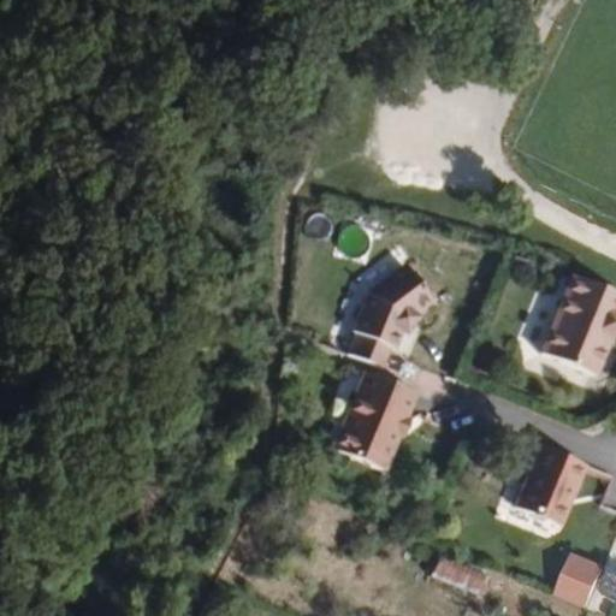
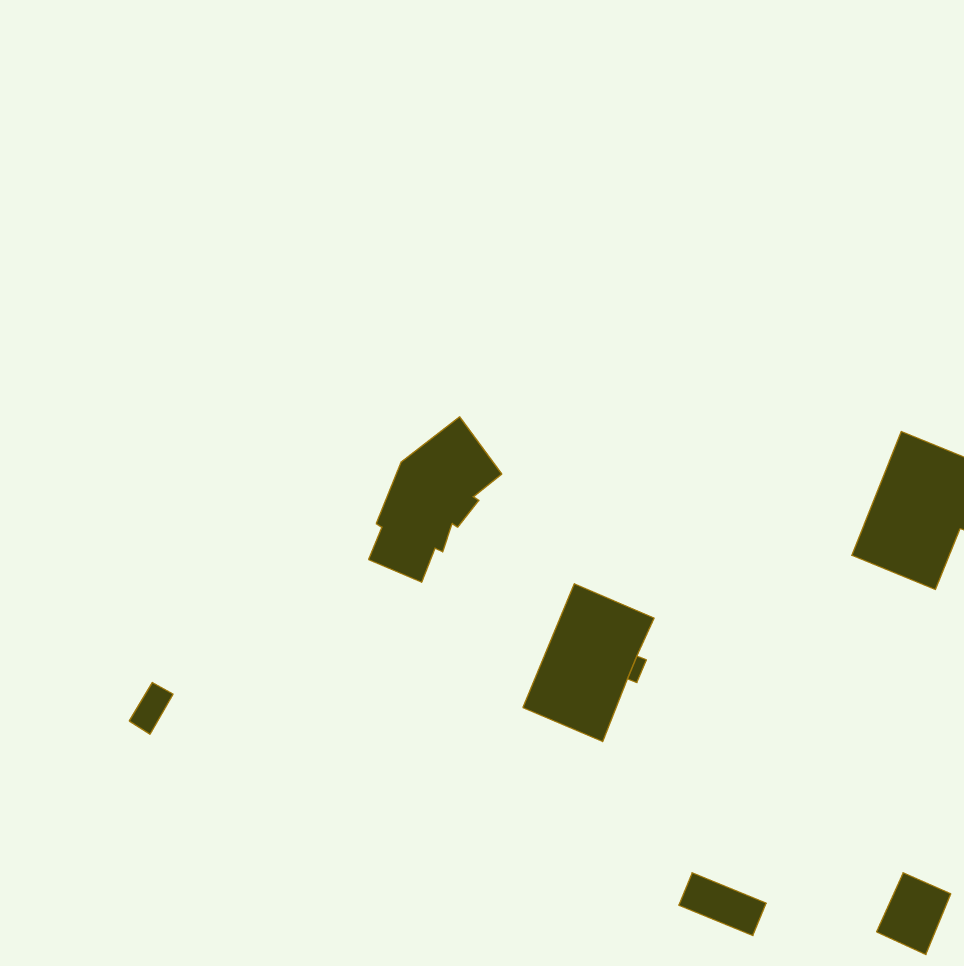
building: [350,262,434,367] -> [369,417,502,582]
building: [517,444,588,525] -> none

